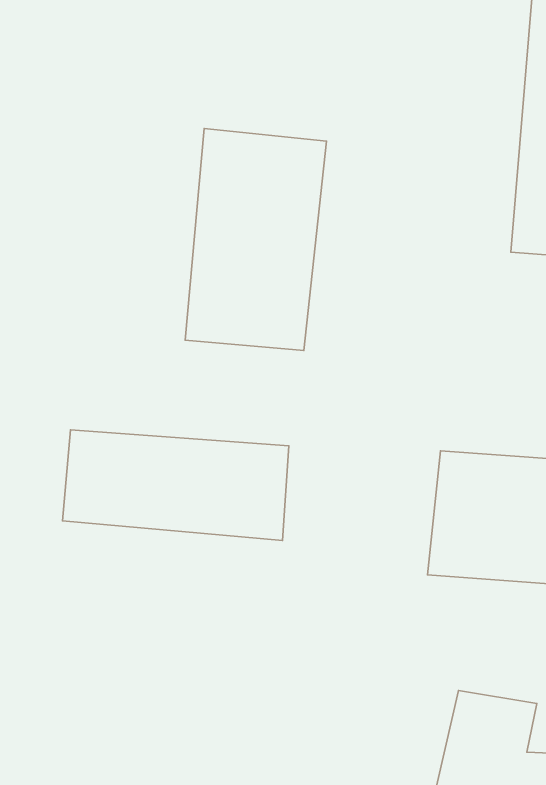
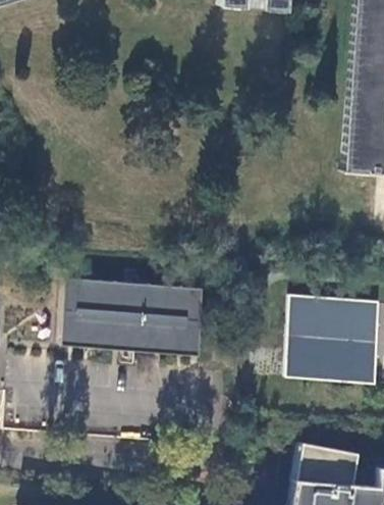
building: [185,129,326,351] -> none

